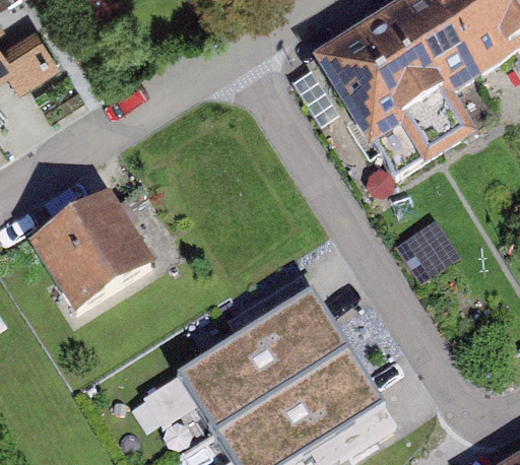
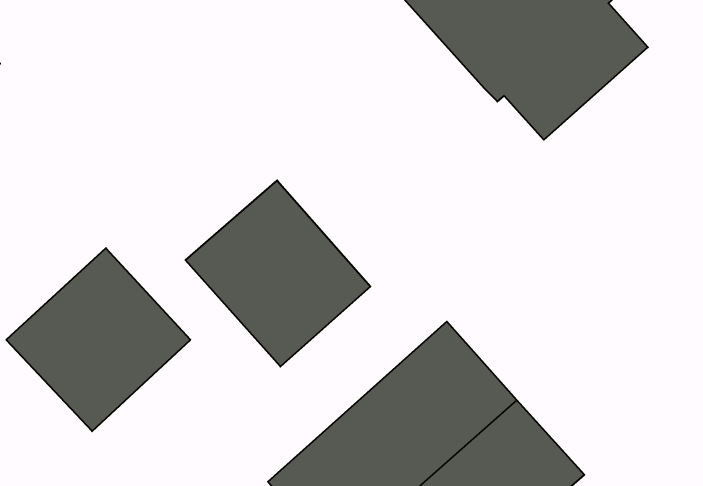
building: none -> [186,180,370,367]

